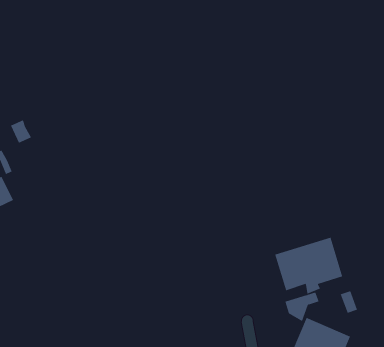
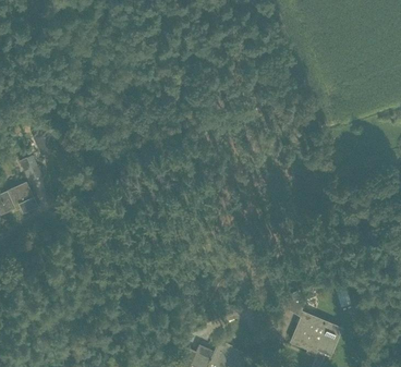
building: [275,237,343,295] -> none

